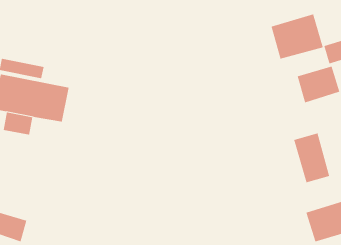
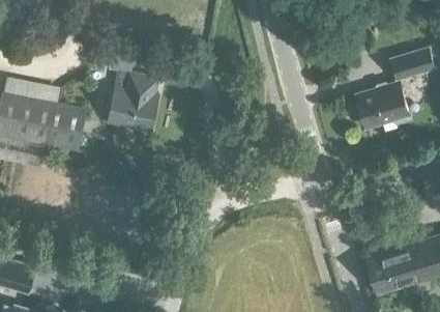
building: [271,14,323,59] -> none
building: none -> [108,74,157,132]
building: [293,132,330,183] -> none

